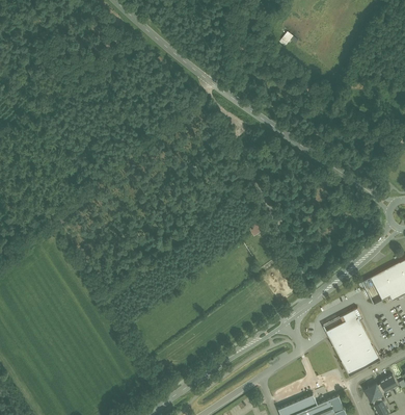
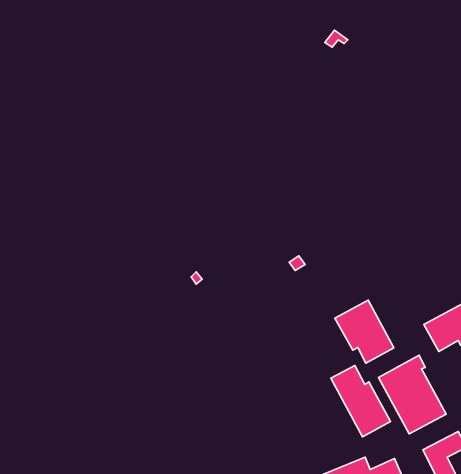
building: none -> [335,300,394,363]
building: none -> [331,365,391,437]

